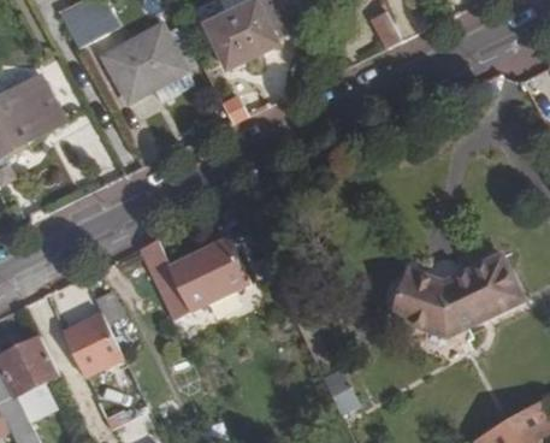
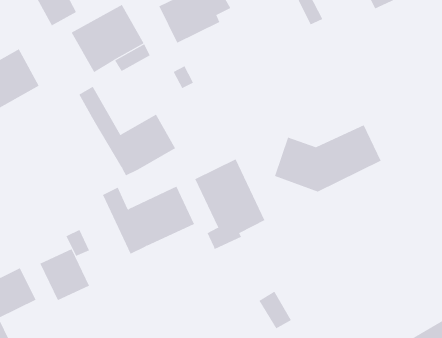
building: none -> [78,86,176,176]
building: none -> [195,159,265,250]
building: [394,255,521,336] -> [274,125,381,192]

